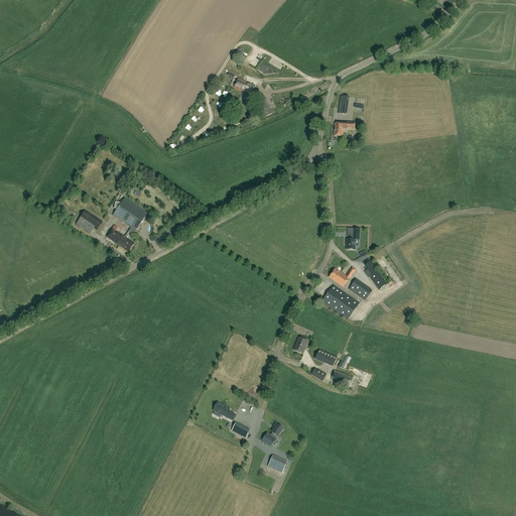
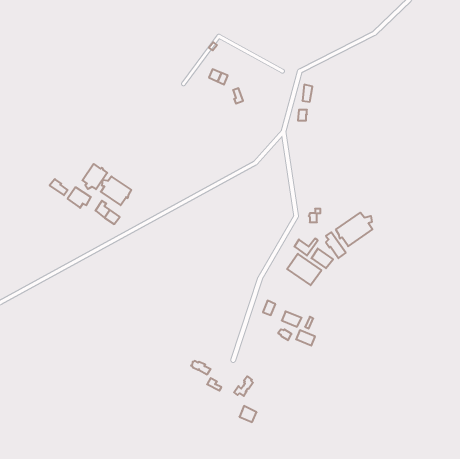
building: none -> [82,164,107,189]
building: none -> [336,213,372,246]

